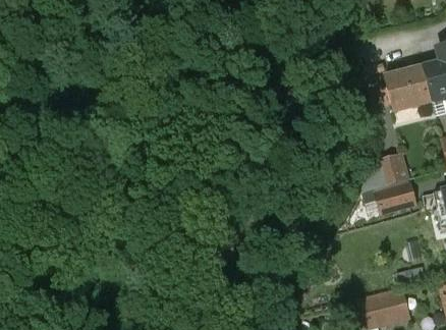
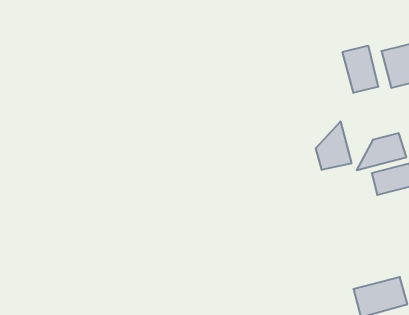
building: none -> [343,46,378,93]
building: none -> [316,121,351,170]

